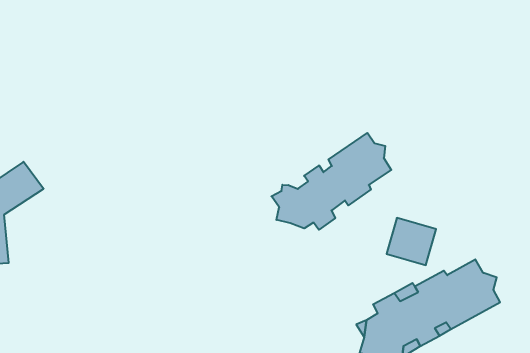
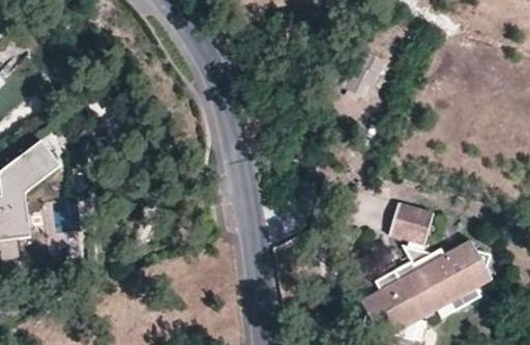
building: [271,133,391,230] -> none

